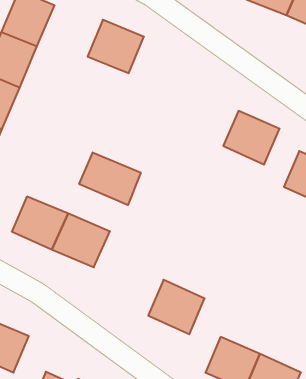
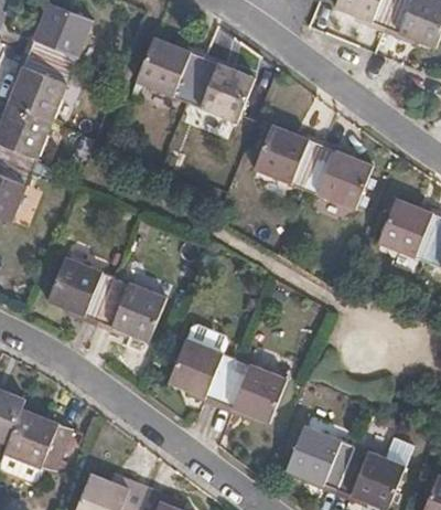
building: none -> [190,56,259,123]
building: none -> [257,126,325,191]
building: [79,152,141,205] -> none
building: none -> [165,323,233,401]

